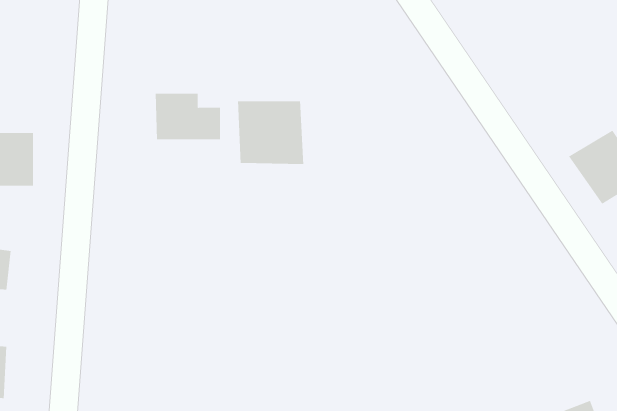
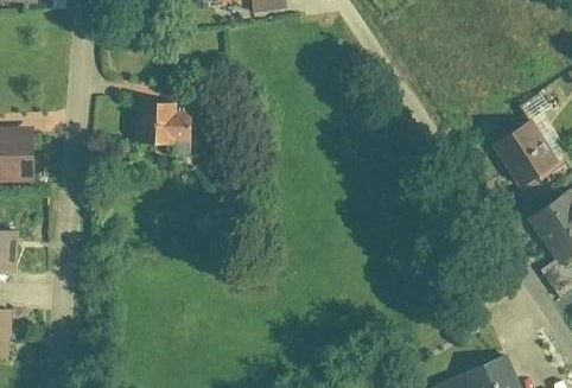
building: [238,100,304,165] -> none

